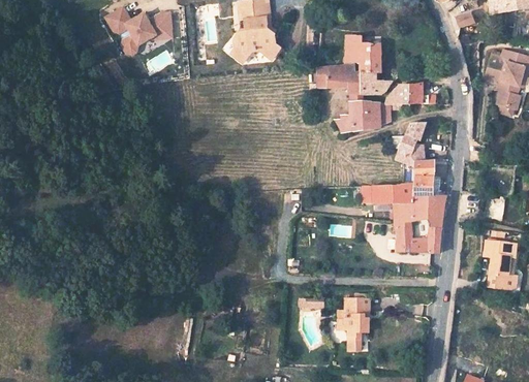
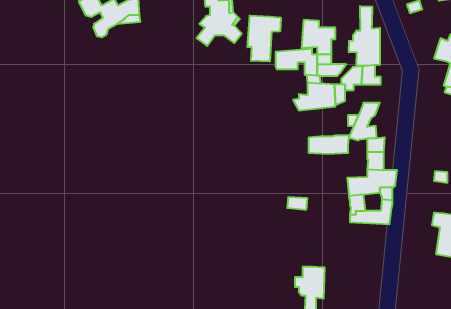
building: none -> [349,6,380,66]
building: none -> [248,15,281,62]
building: [372,184,415,203] -> [309,136,349,154]

